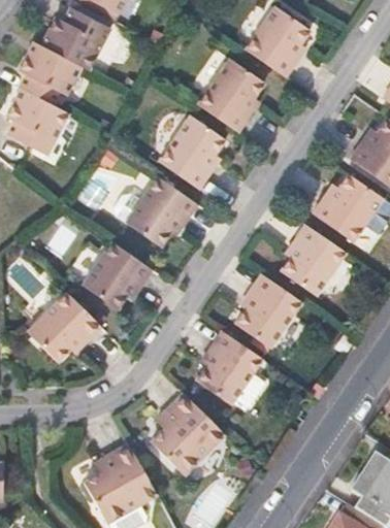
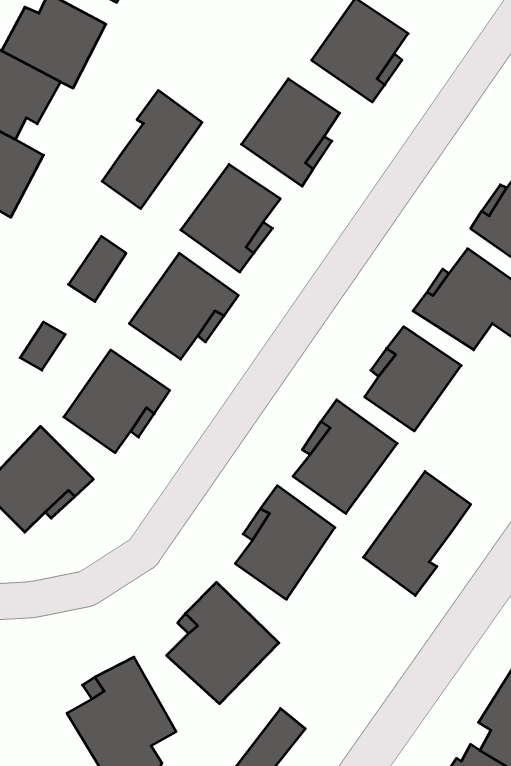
building: none -> [102,90,202,209]
building: none -> [363,471,471,596]

